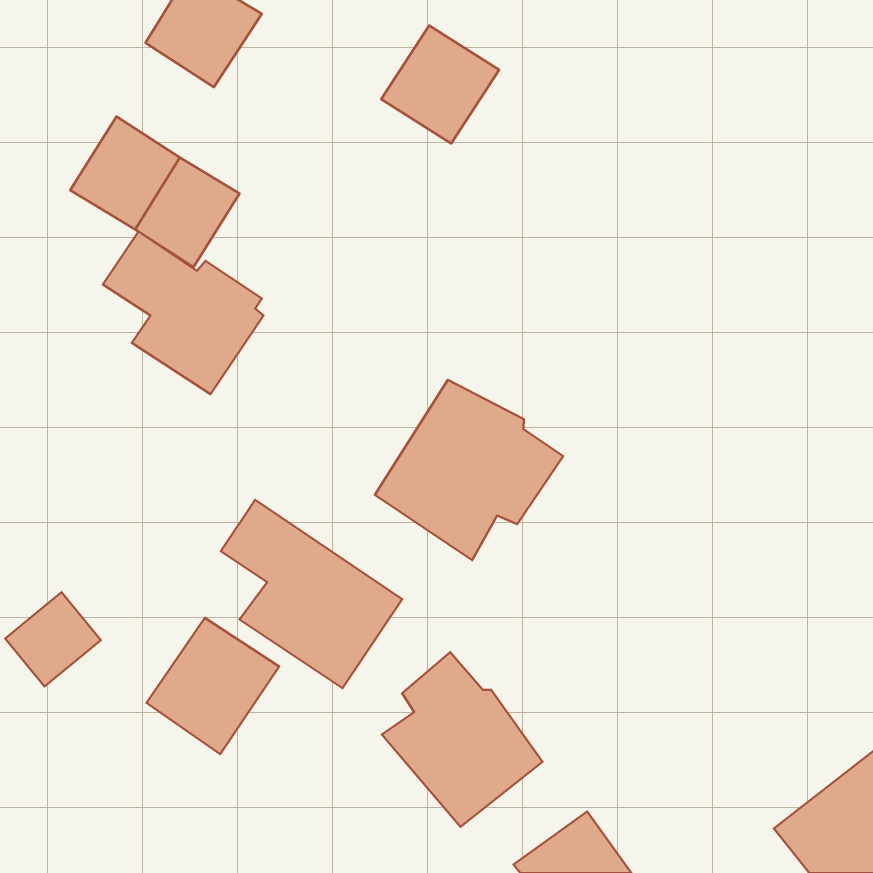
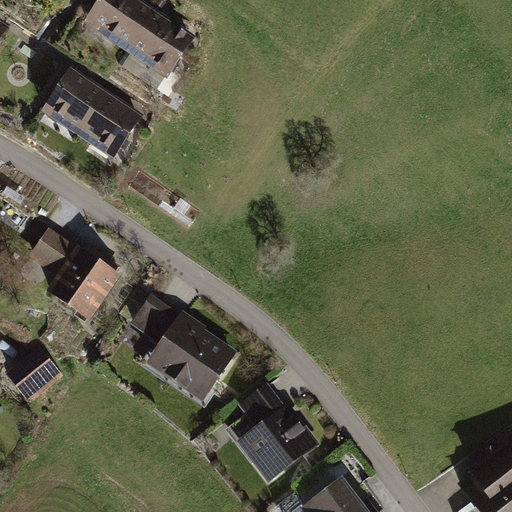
building: [381,25,499,144] -> [126,8,195,77]
building: [103,232,264,394] -> [26,227,120,322]
building: [375,380,563,560] -> none
building: [147,618,279,754] -> none

